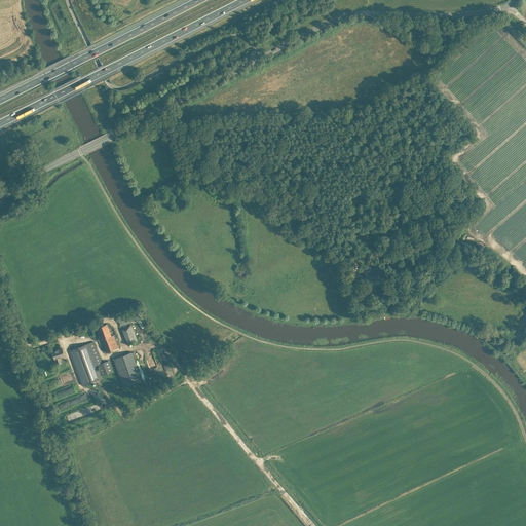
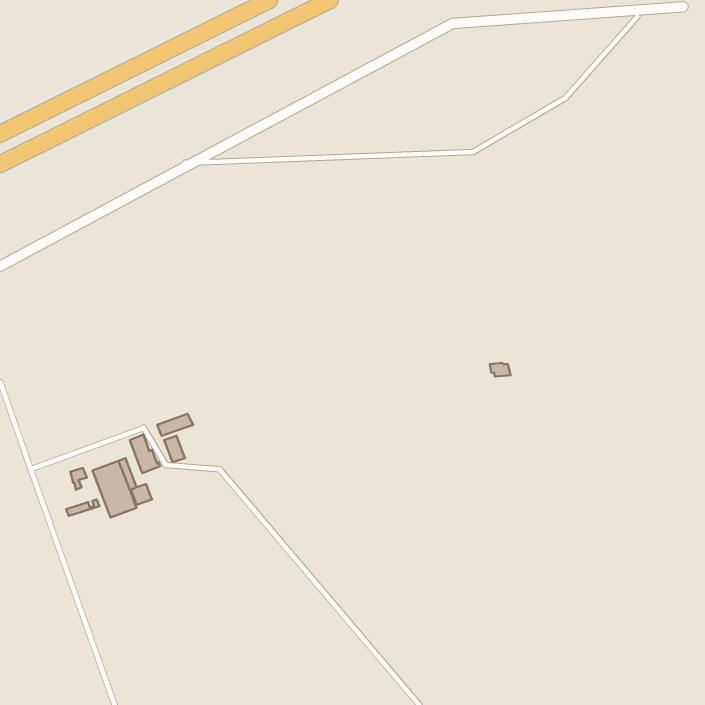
building: [113,352,142,387] -> none

